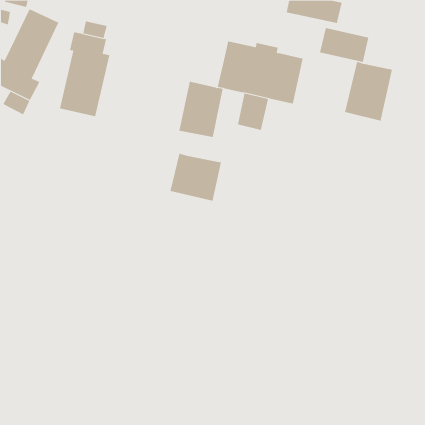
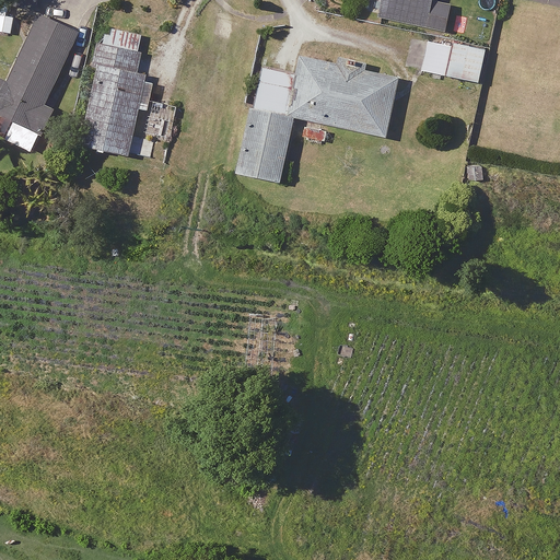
building: [344,61,393,122] -> none
building: [237,93,269,130] -> [254,67,295,116]
building: [170,153,221,202] -> none

